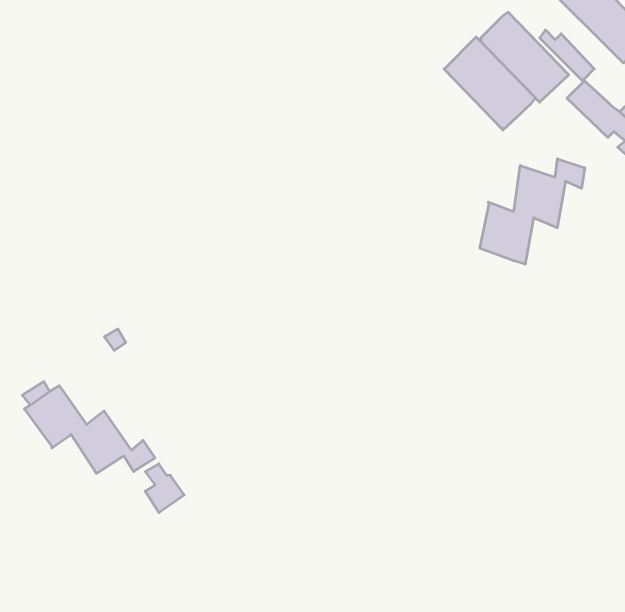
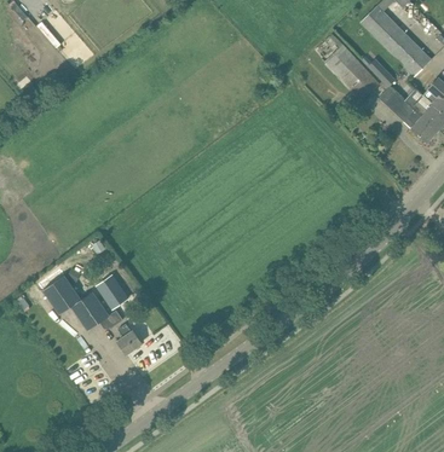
building: [444,37,535,130] -> none
building: [480,159,585,264] -> none
building: none -> [97,276,128,309]

